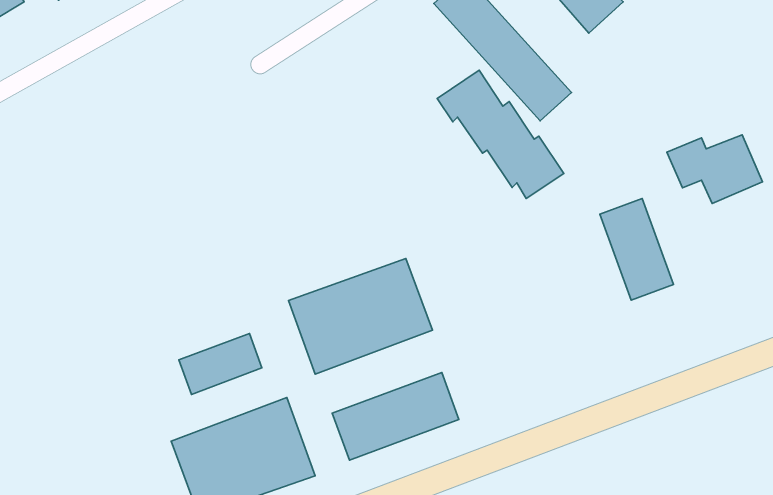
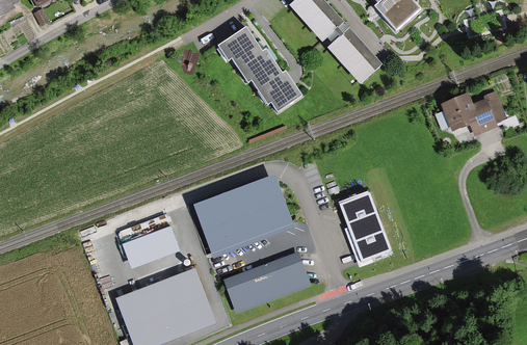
building: [437,70,564,199] -> [216,30,300,115]
building: [600,199,673,300] -> [339,191,388,259]

